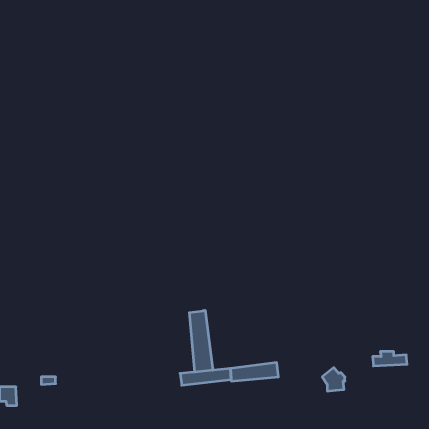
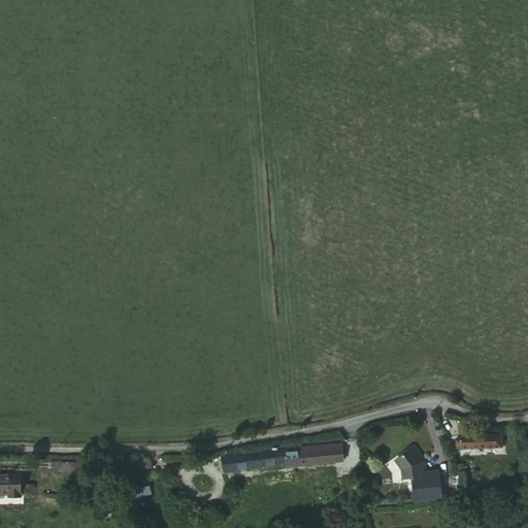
building: [189,310,213,372] -> none
building: none -> [411,475,440,500]

